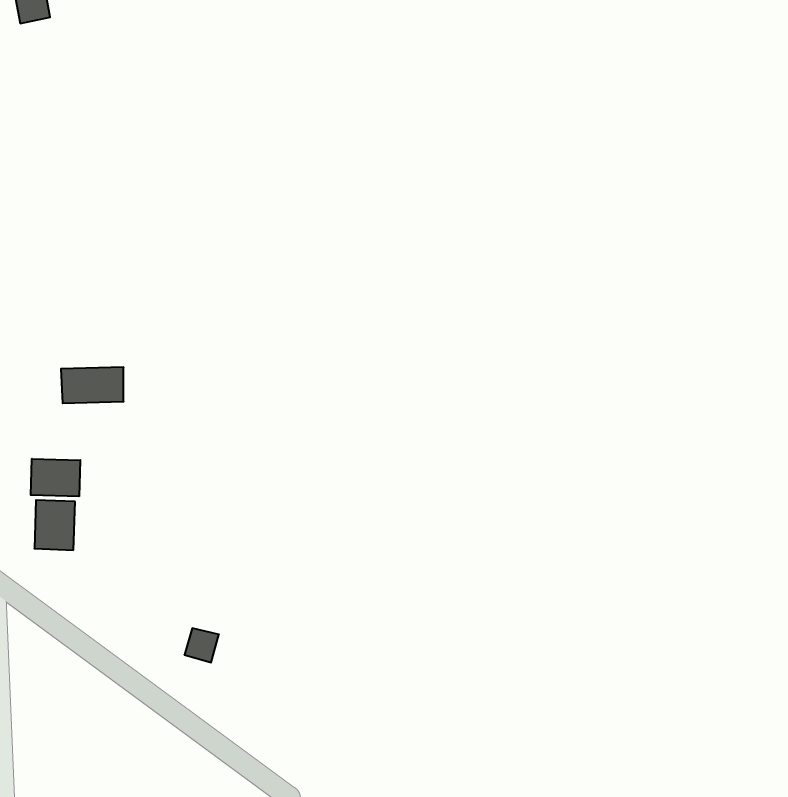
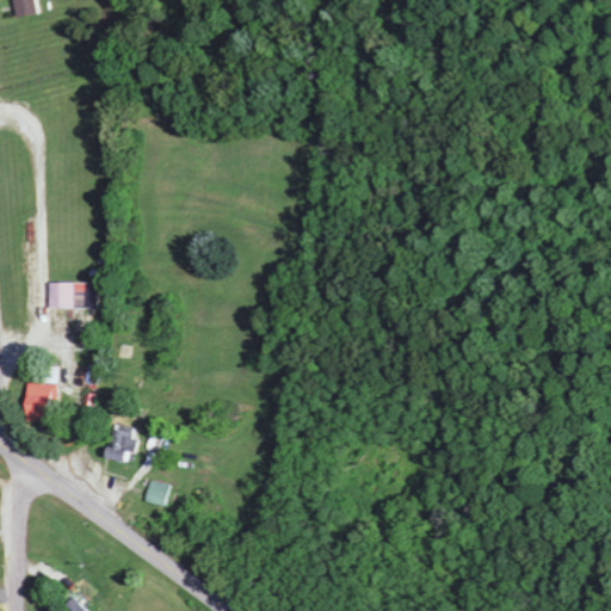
building: [31,459,80,496] -> none
building: none -> [105,428,134,461]

